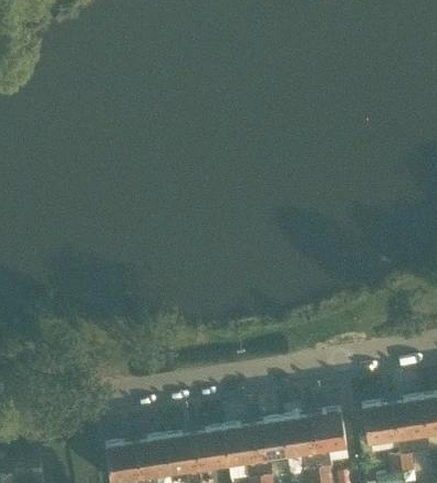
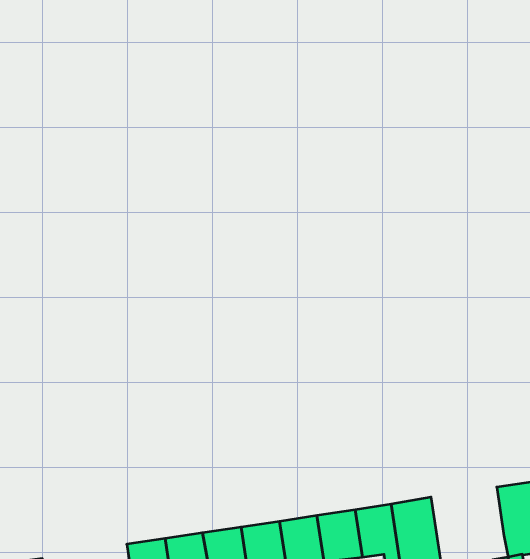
building: [362,403,397,445] -> none

